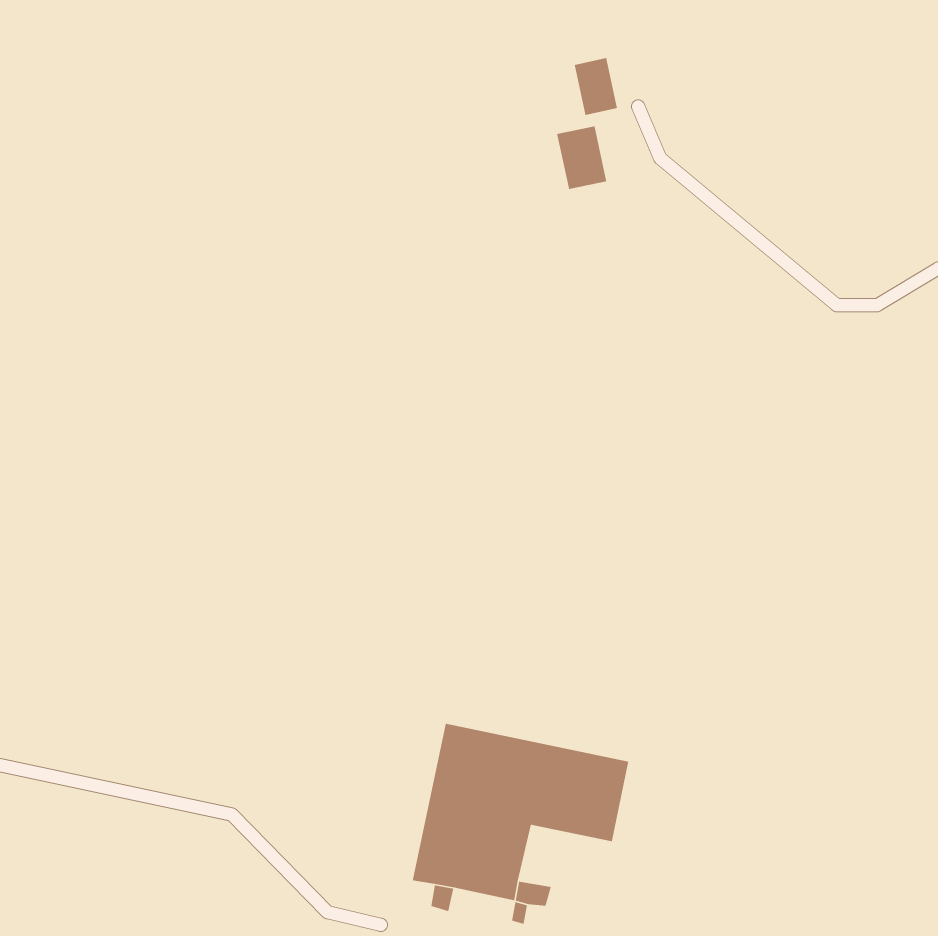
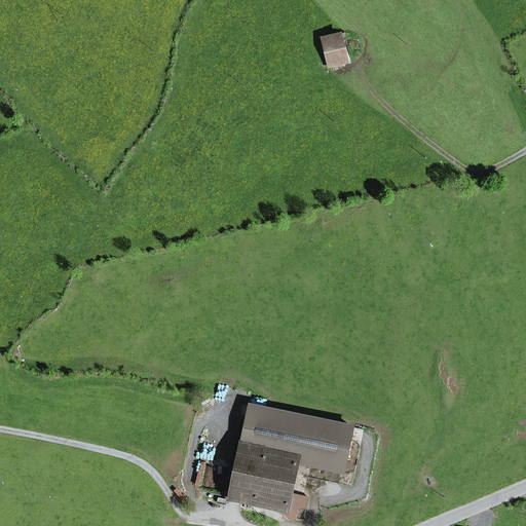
building: [556,125,607,190] -> none

